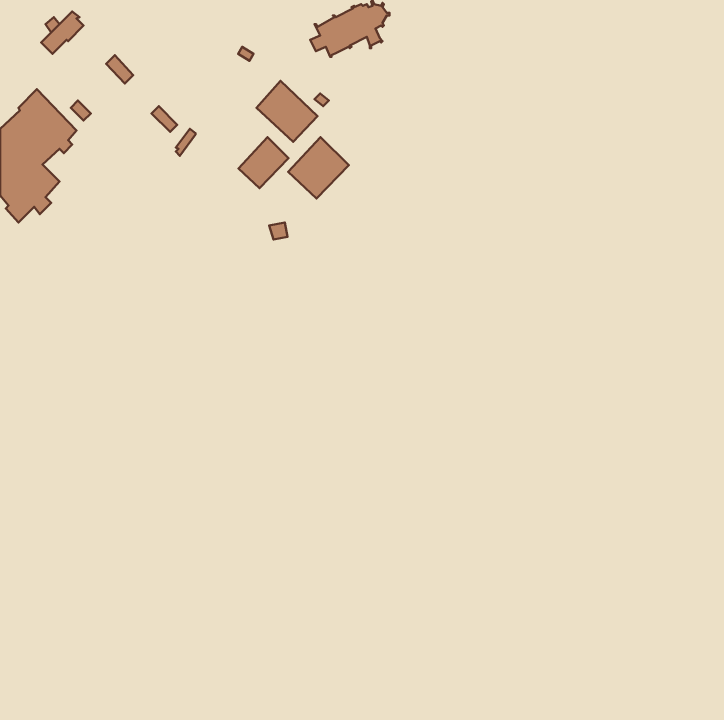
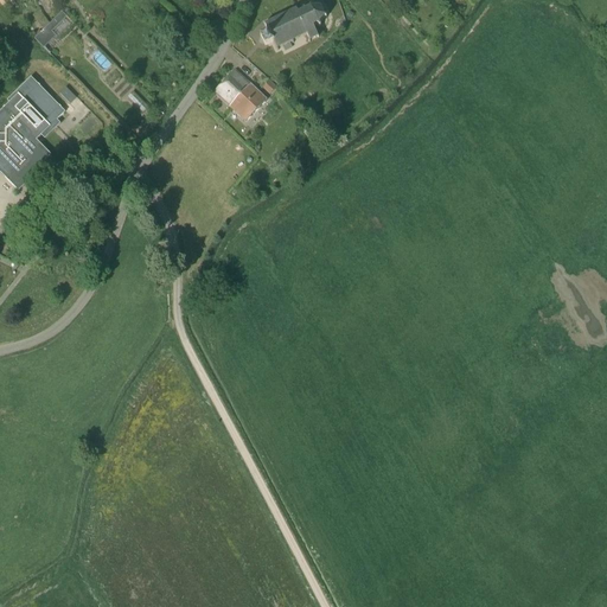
building: [288,137,349,199] -> none
building: [238,137,288,188] -> none

